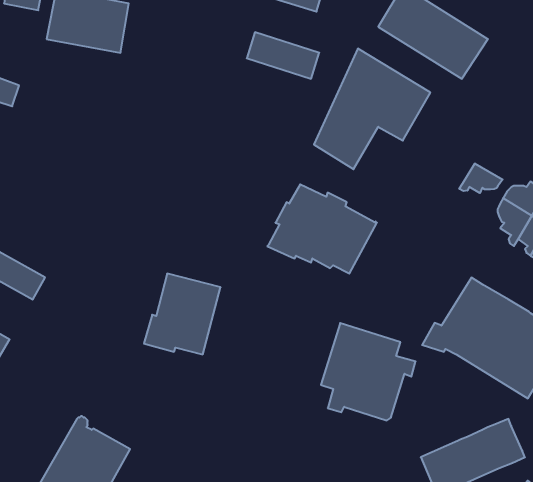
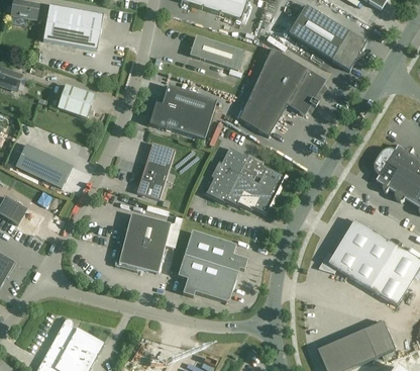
building: none -> [58,83,94,116]
building: none -> [148,84,216,138]
building: [459,163,503,193] -> none
building: none -> [136,142,175,198]
building: none -> [15,143,72,186]
building: [321,323,416,420] -> [178,229,247,301]

